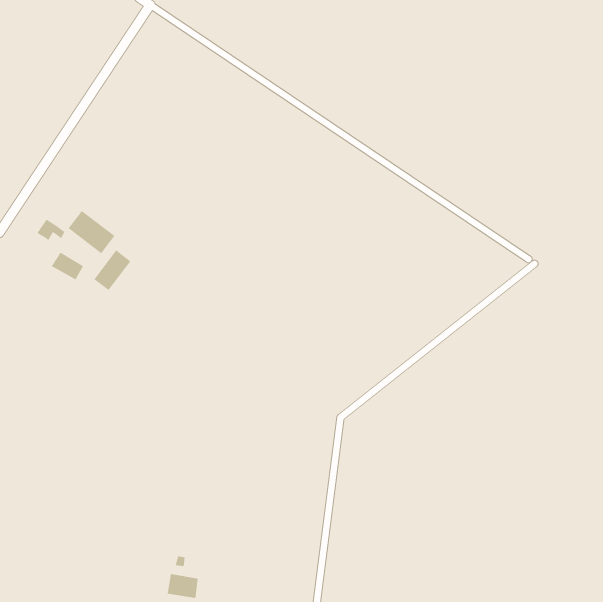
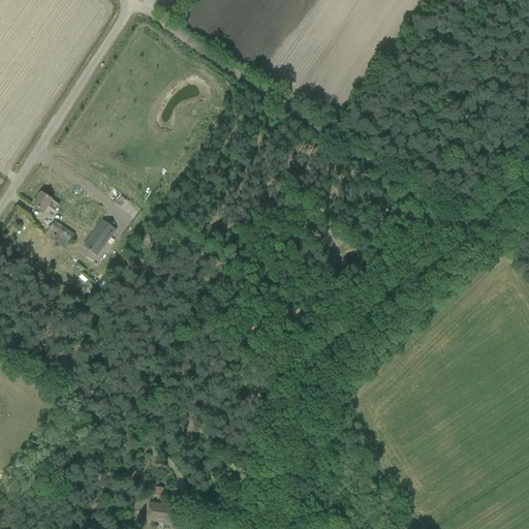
building: [68,210,115,254] -> none

